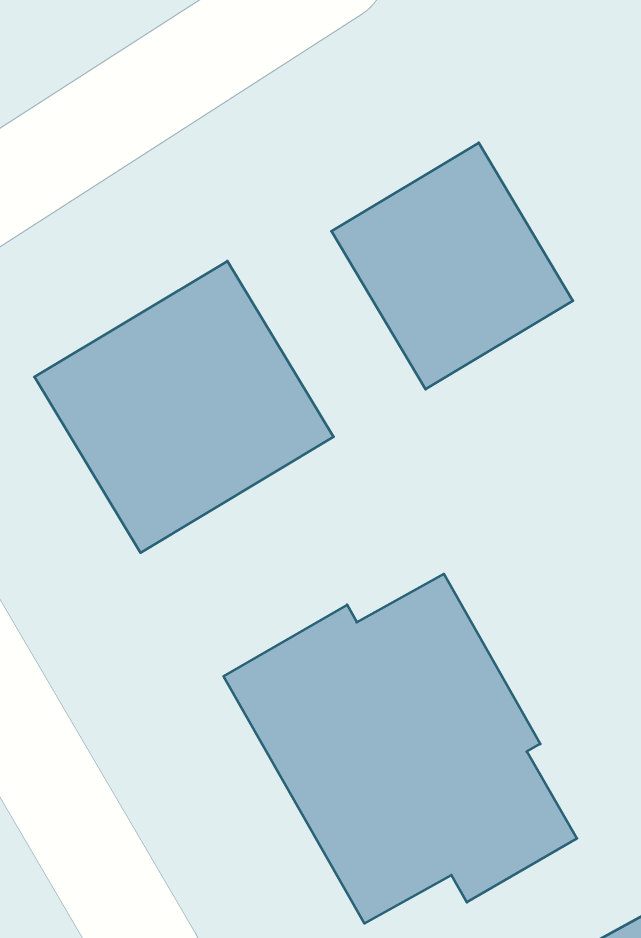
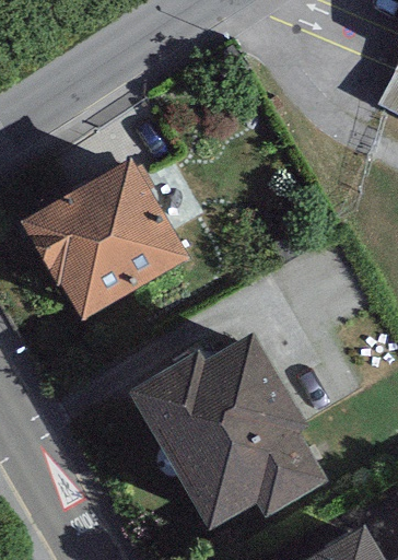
building: [331,143,573,389] -> none

